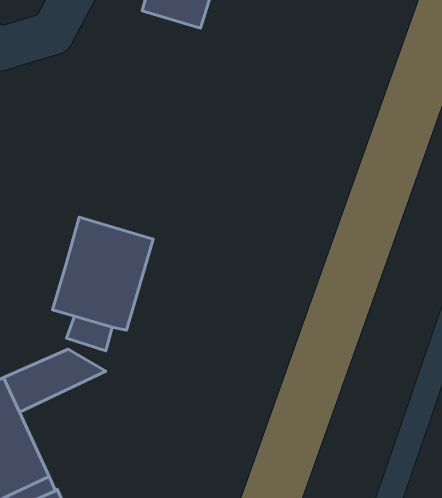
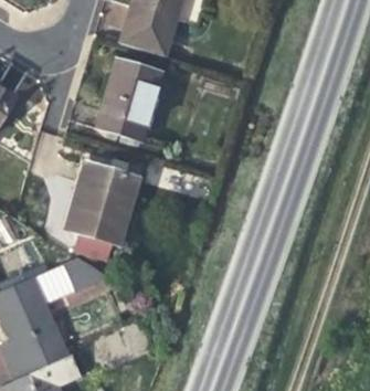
building: none -> [121,19,170,56]
building: none -> [97,62,160,138]

